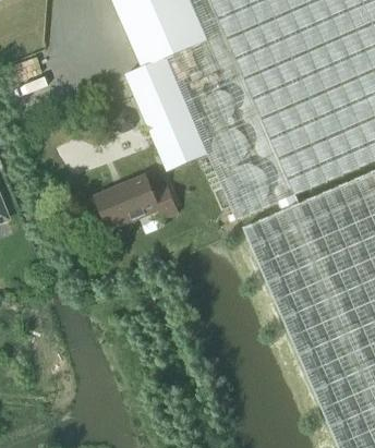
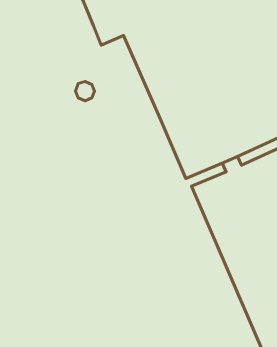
building: [125,57,209,170] -> none
building: [96,174,178,230] -> none

